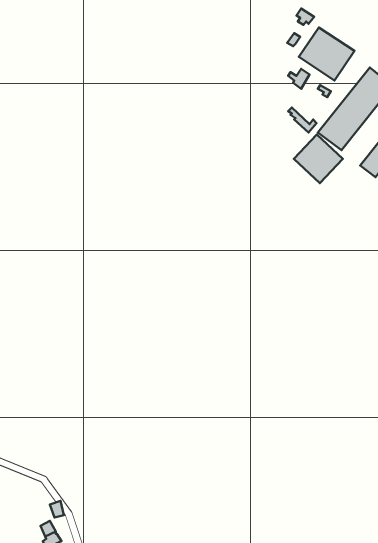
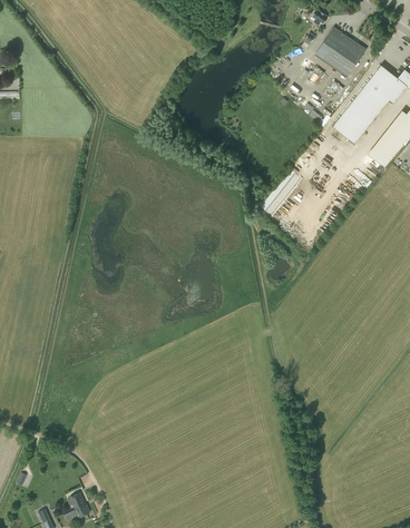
building: [294,135,343,183] -> none

